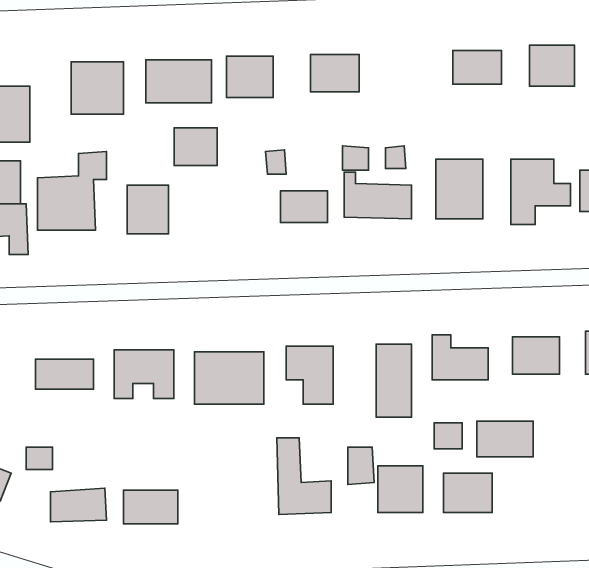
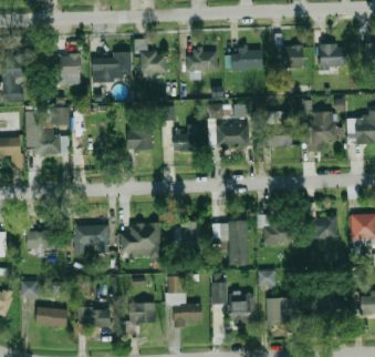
building: none -> [233,48,261,70]
building: [174,128,217,165] -> [126,128,152,150]
building: [477,421,533,457] -> [312,297,345,318]
building: none -> [128,303,155,324]

